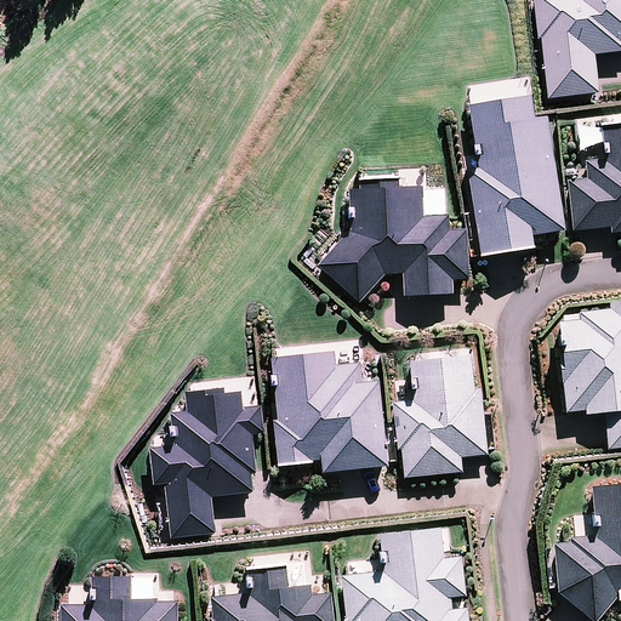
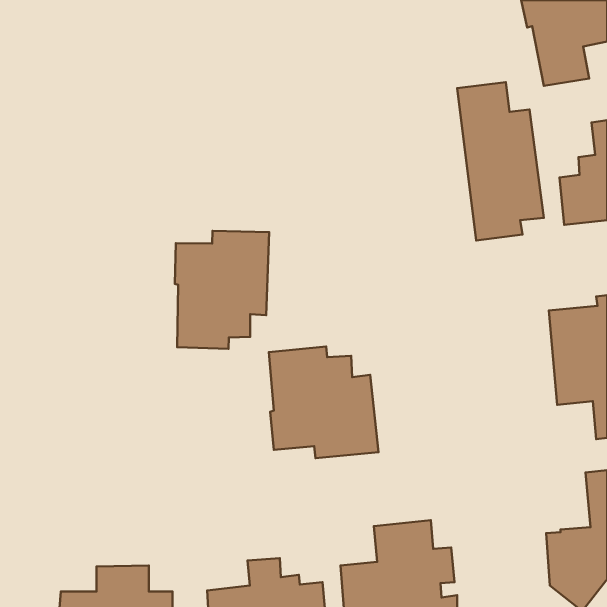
building: [319,181,466,302] -> none
building: none -> [175,231,269,349]
building: [392,354,486,477] -> none
building: [159,392,267,535] -> none

